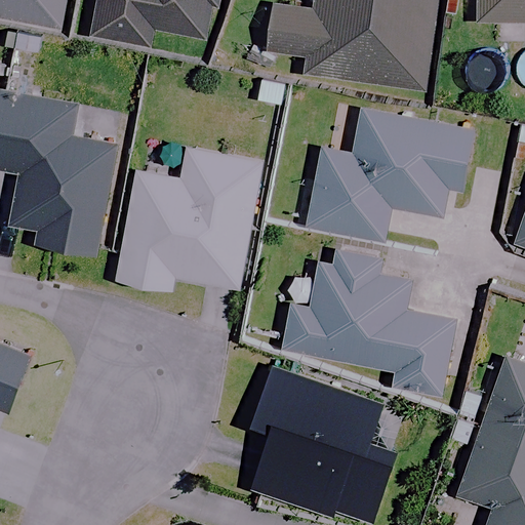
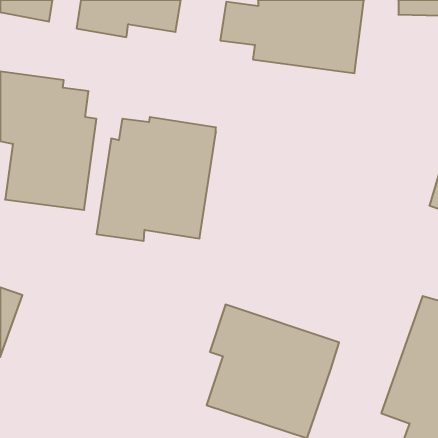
building: [307,109,473,240] -> none
building: [283,248,455,396] -> none

